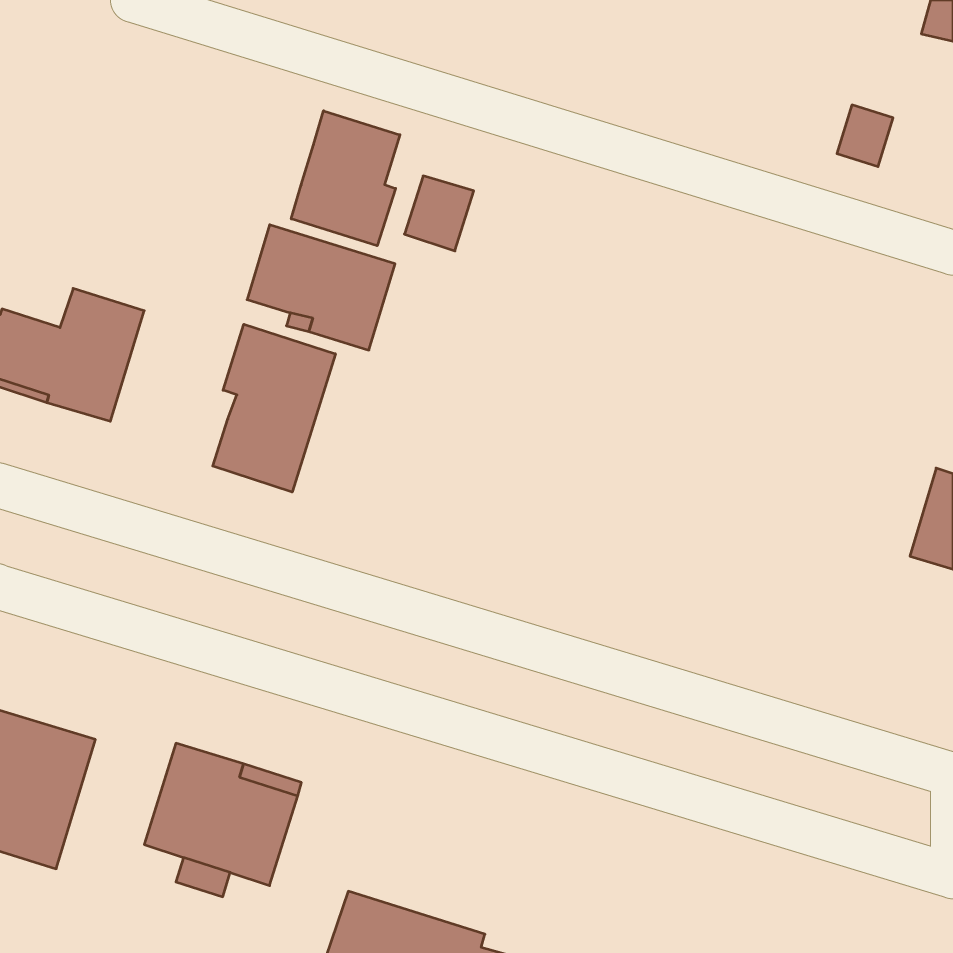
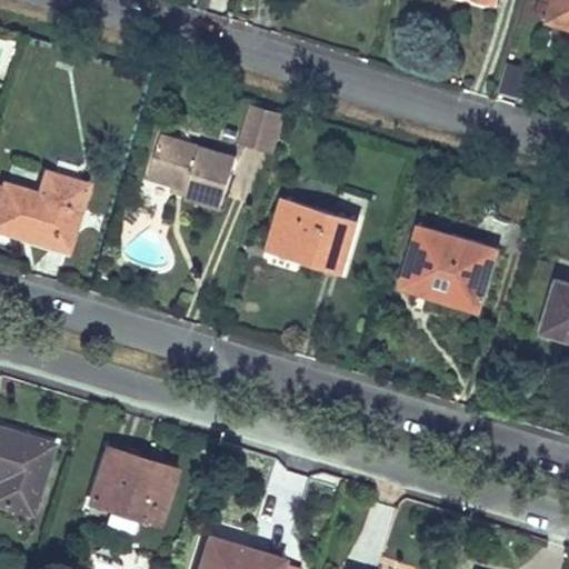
building: [291,111,400,246] -> none
building: [213,324,335,492] -> none
building: none -> [268,201,356,272]
building: none -> [402,226,497,312]

